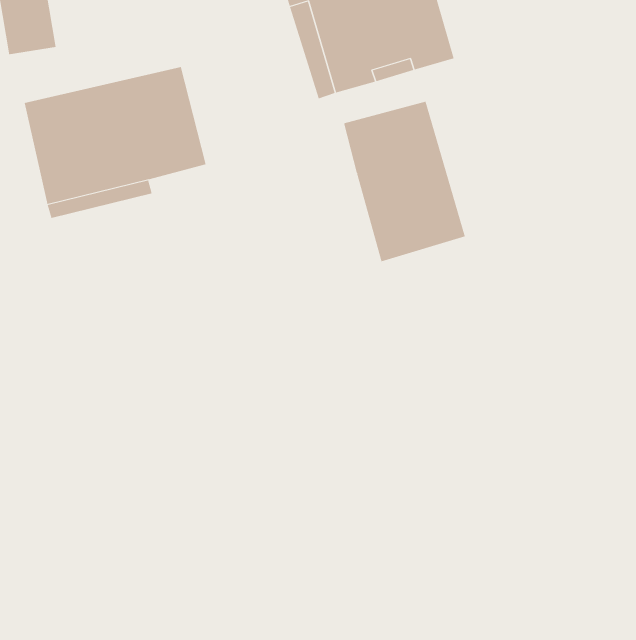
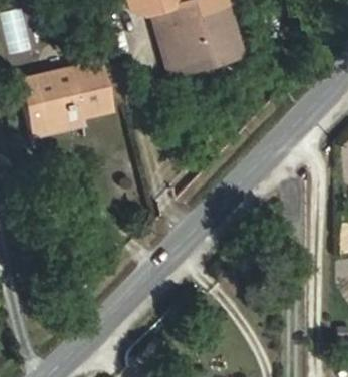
building: [343,101,466,262] -> none

